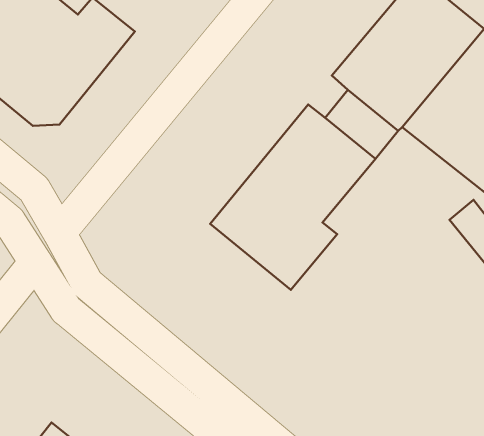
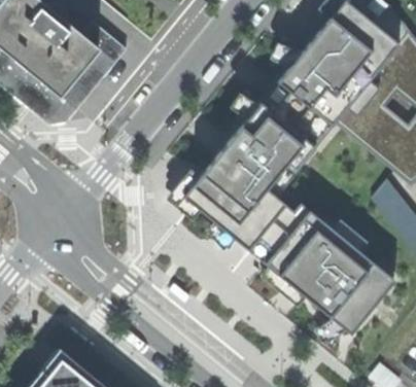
building: none -> [247,204,391,330]

